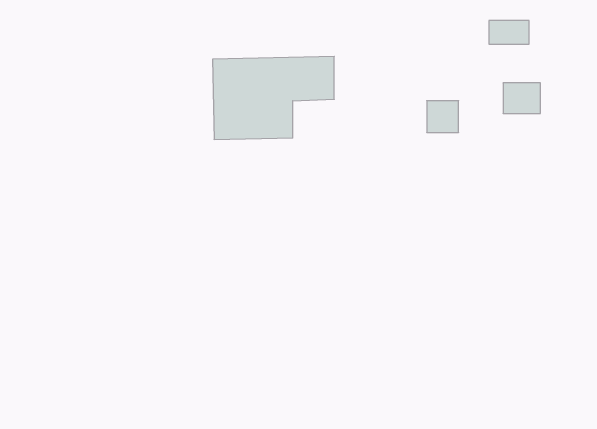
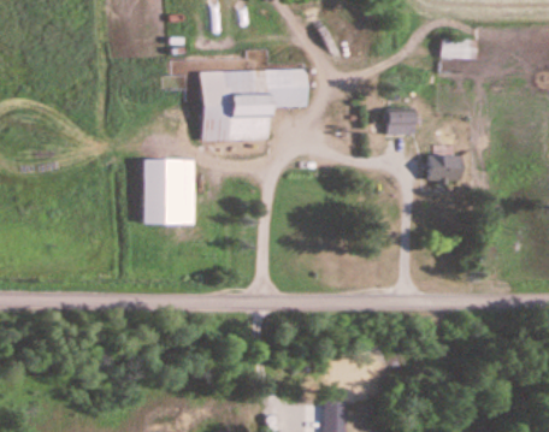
building: [503,83,540,113] -> [430,154,462,181]
building: none -> [142,159,182,225]

